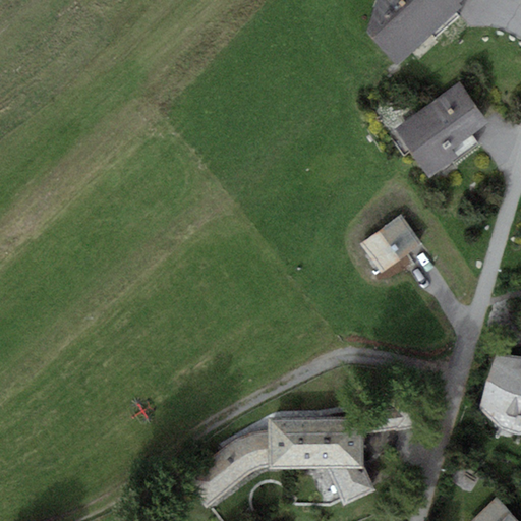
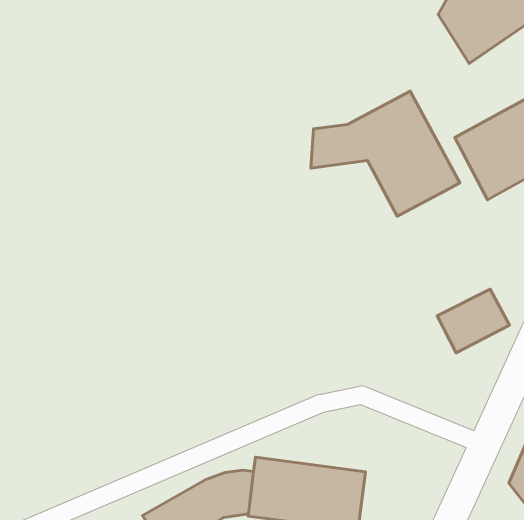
building: none -> [311,91,460,216]
building: [360,215,421,272] -> [437,289,509,353]

